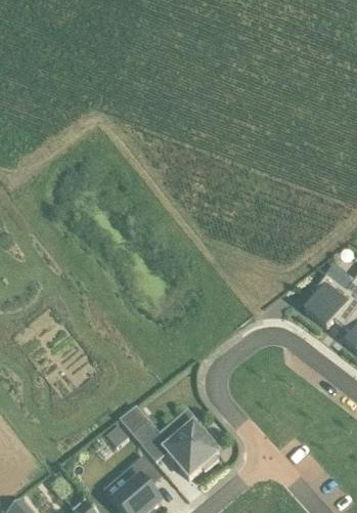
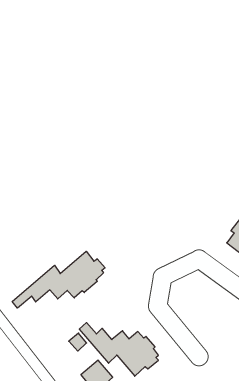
building: none -> [12,251,105,308]

